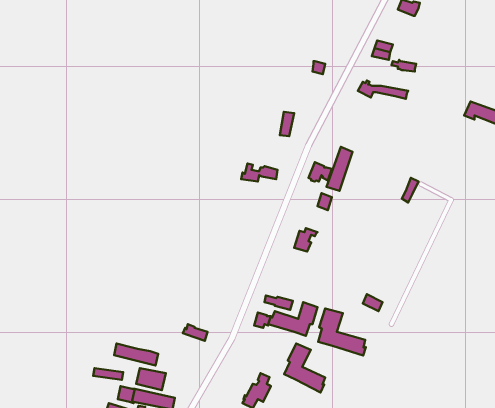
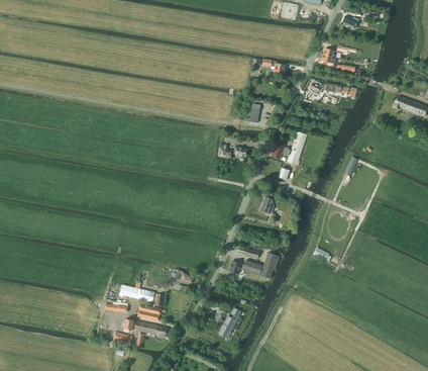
building: [318,309,366,356] -> none
building: [284,344,325,392] -> none

